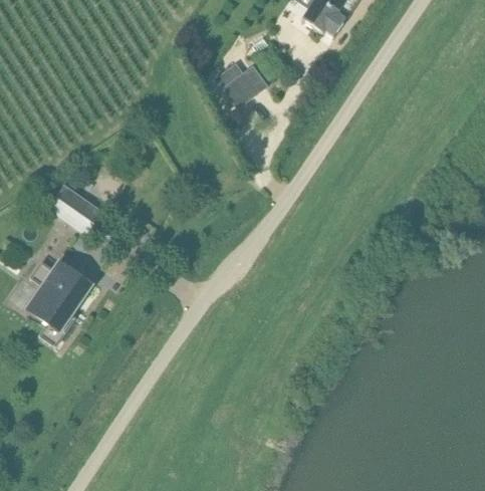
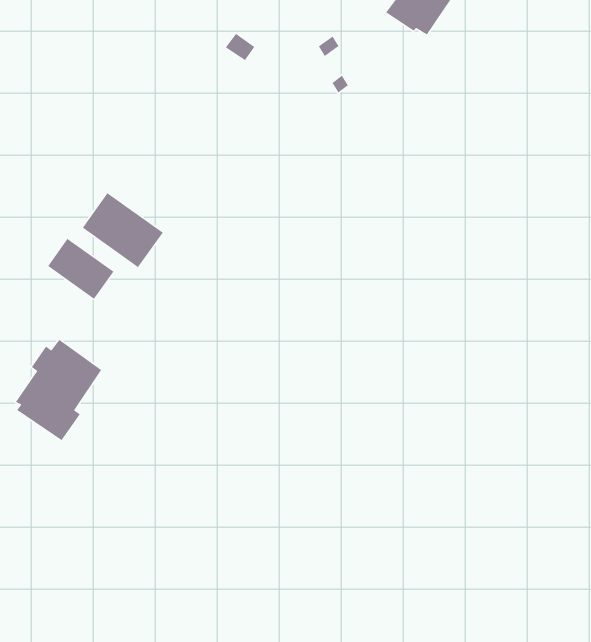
building: [220,66,268,107] -> none
building: none -> [82,192,164,268]

